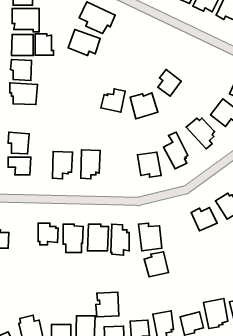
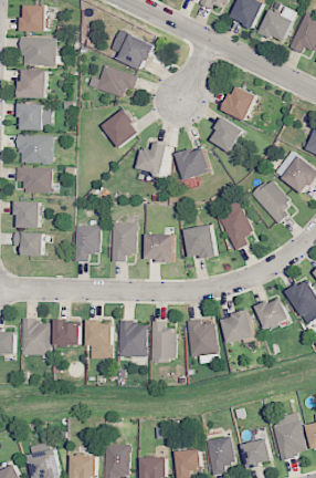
building: [35,34,53,55] -> none
building: none -> [222,86,256,121]
building: none -> [102,107,138,147]
building: none -> [15,167,50,191]
building: none -> [145,233,172,264]
building: none -> [19,318,48,355]
building: [144,252,168,277] -> [222,310,254,343]
building: [96,292,119,317] -> none

